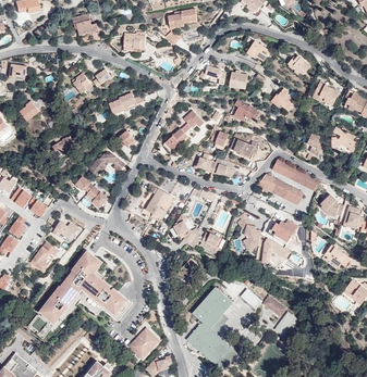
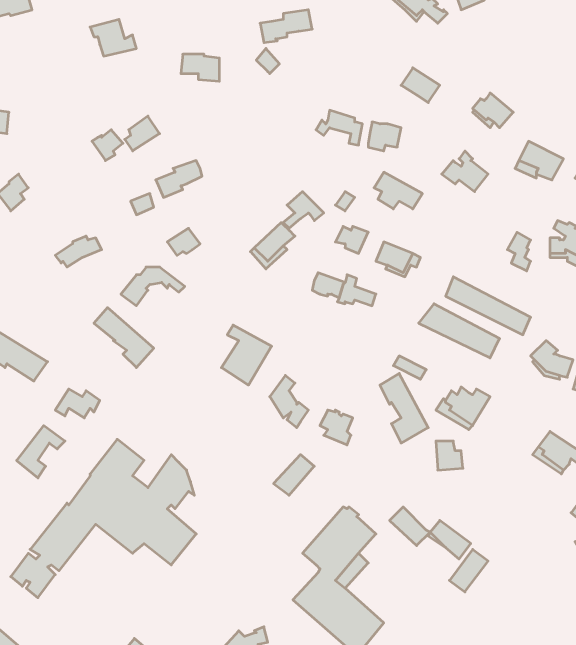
building: [129,327,160,360] -> none

